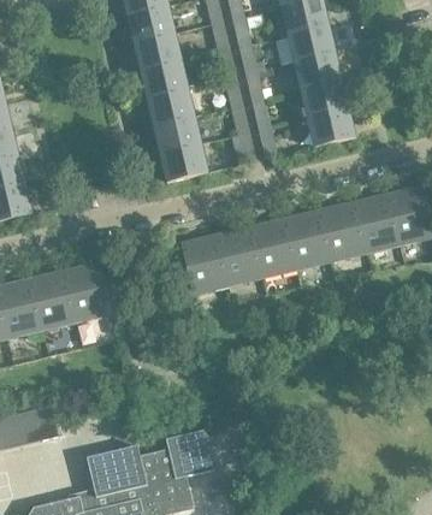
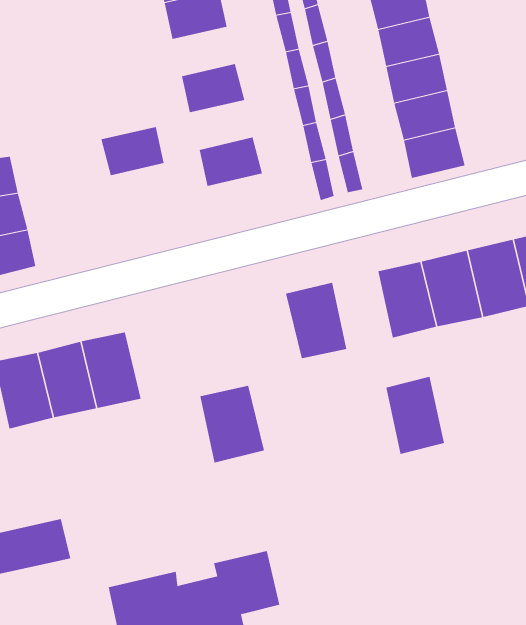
building: [134,34,182,71] -> none
building: [147,89,195,126] -> [101,126,164,176]
building: [160,144,208,183] -> none
building: [255,218,300,277] -> [386,376,445,454]
building: [182,235,231,294] -> [199,385,265,463]

